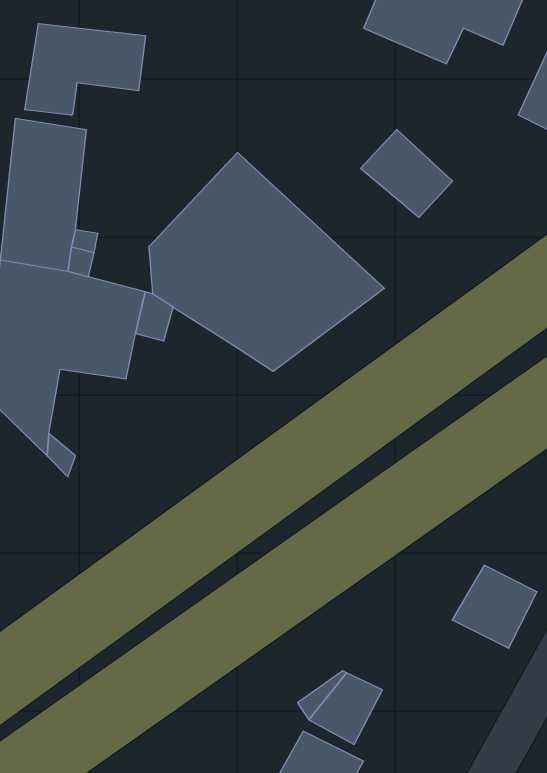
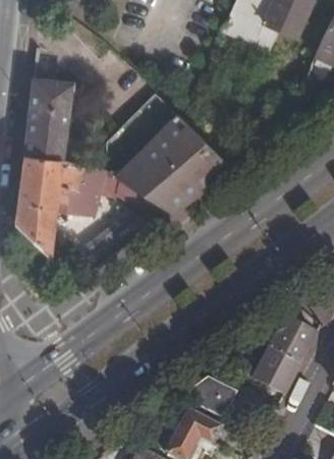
building: [25,23,145,115] -> none
building: [361,129,453,218] -> none
building: none -> [239,346,300,391]

